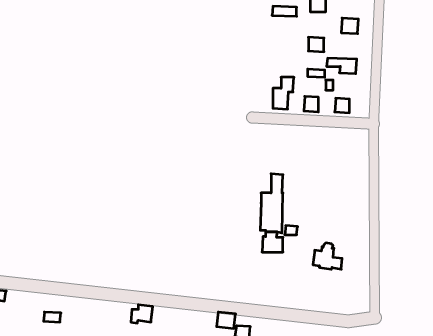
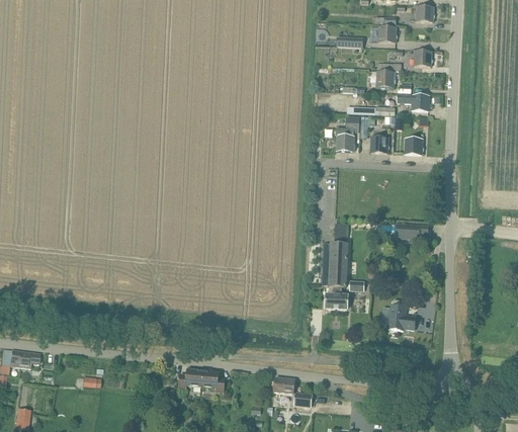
building: none -> [397,223,428,238]
building: none -> [201,369,226,392]

